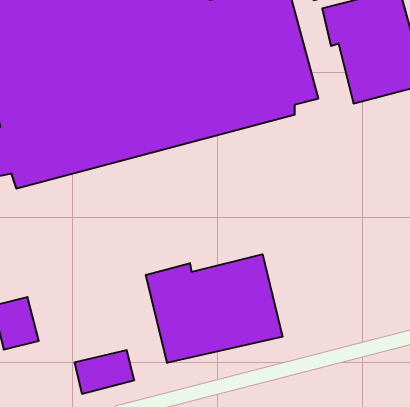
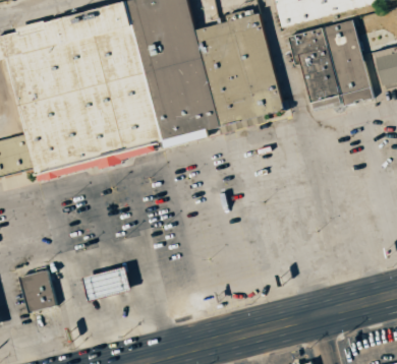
building: [146,254,282,363] -> none
building: [74,350,134,394] -> [82,267,131,303]

